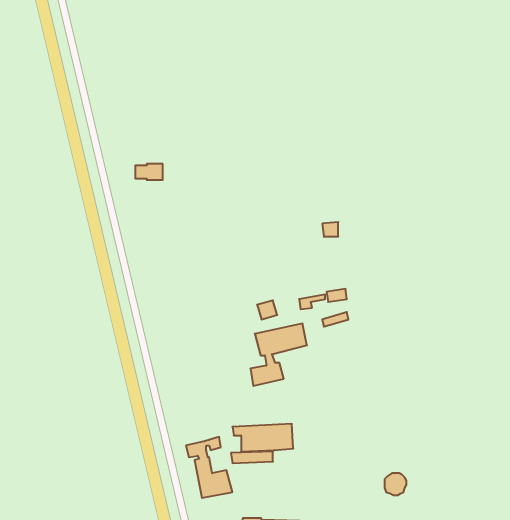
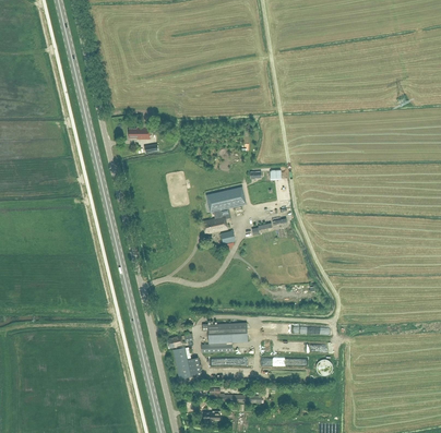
building: [250,324,307,386] -> [203,188,246,234]

